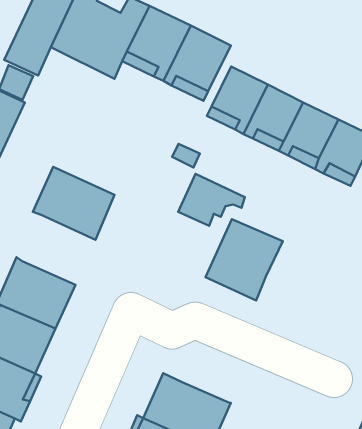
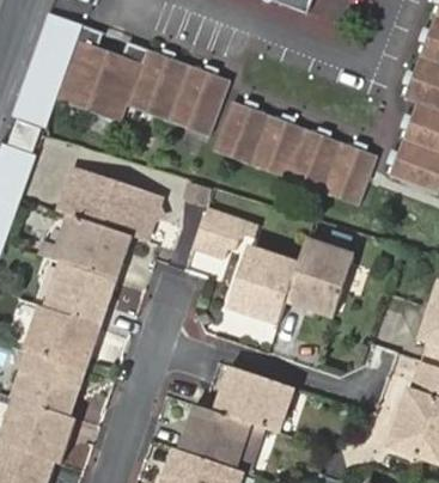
building: none -> [59,167,159,239]
building: none -> [47,261,116,325]
building: none -> [285,239,353,318]
building: none -> [213,365,292,432]

